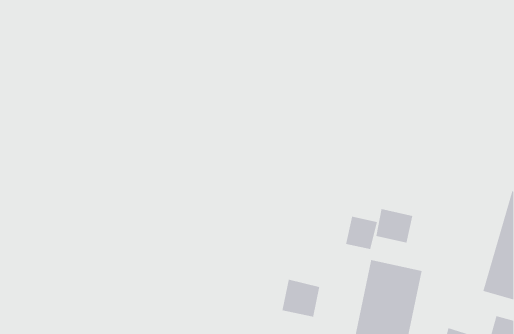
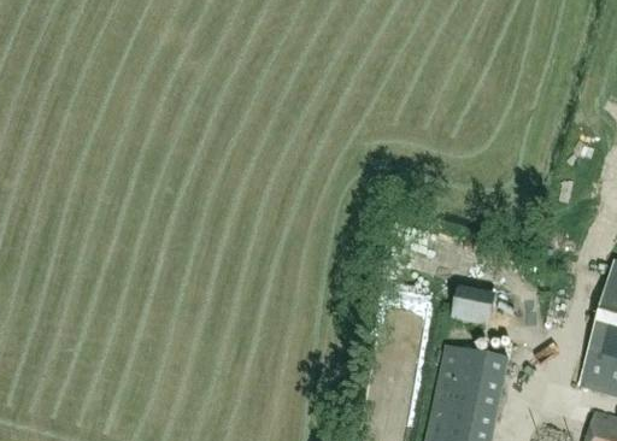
building: [346,216,378,250] -> none
building: [282,279,320,317] -> none

